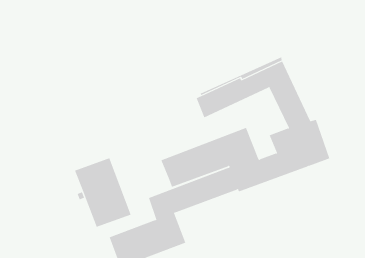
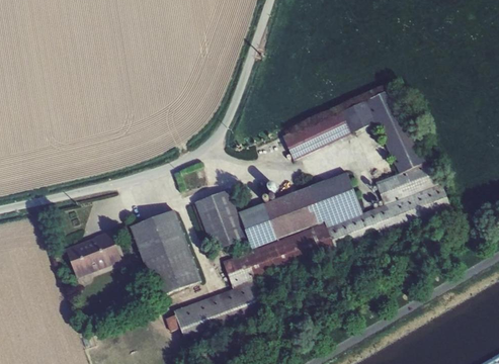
building: none -> [194,188,248,249]
building: none -> [65,229,121,276]

